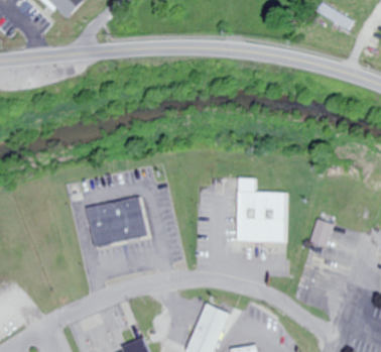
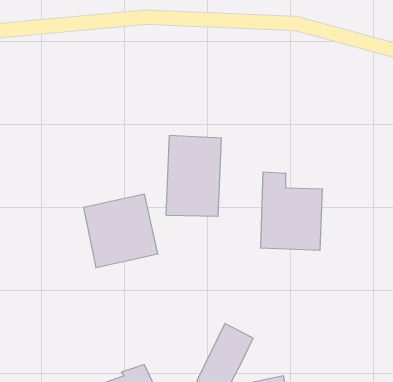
building: none -> [166,135,221,217]
building: [309,220,332,247] -> none

